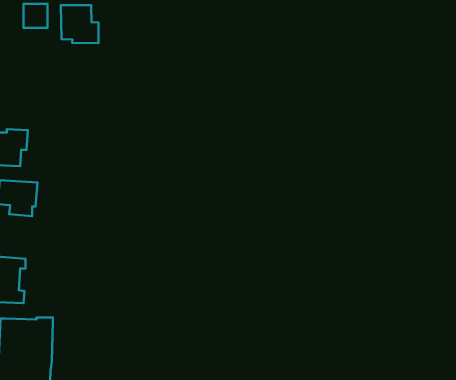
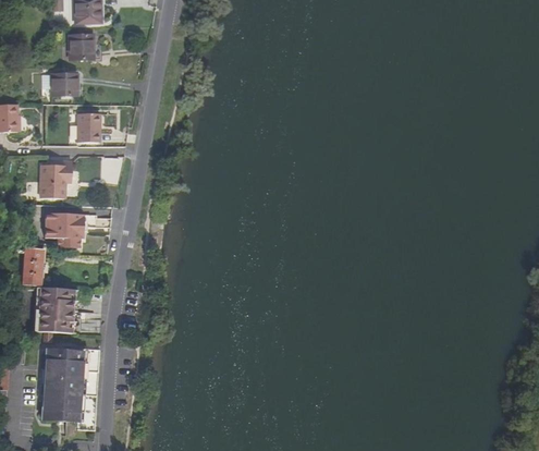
building: [61,5,98,43] -> none
building: none -> [51,74,77,95]
building: none -> [78,114,101,143]

